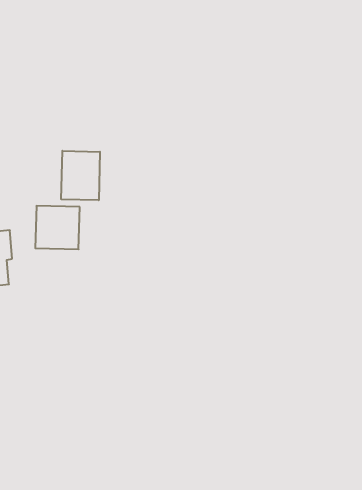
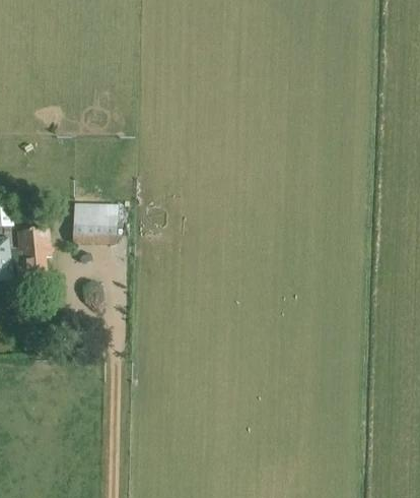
building: [61,151,100,200] -> none

